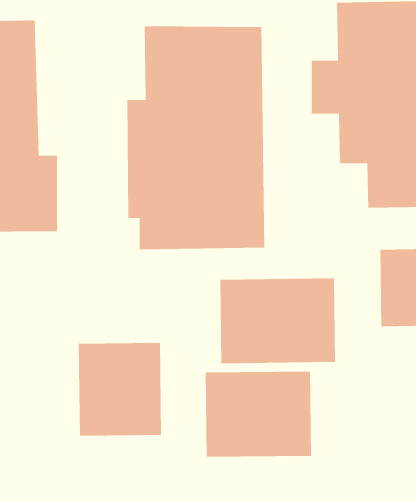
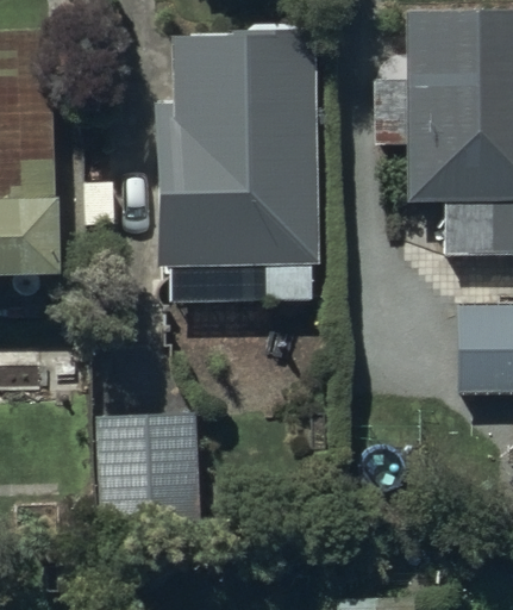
building: [219,278,336,364] -> none
building: [205,371,312,458] -> none

